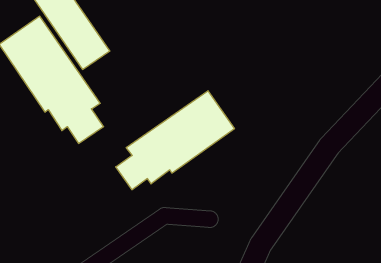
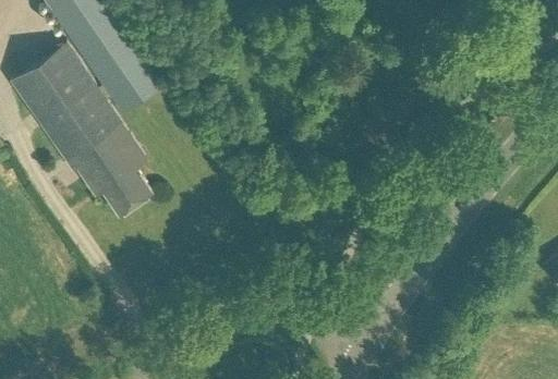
building: [116,91,234,190] -> none

